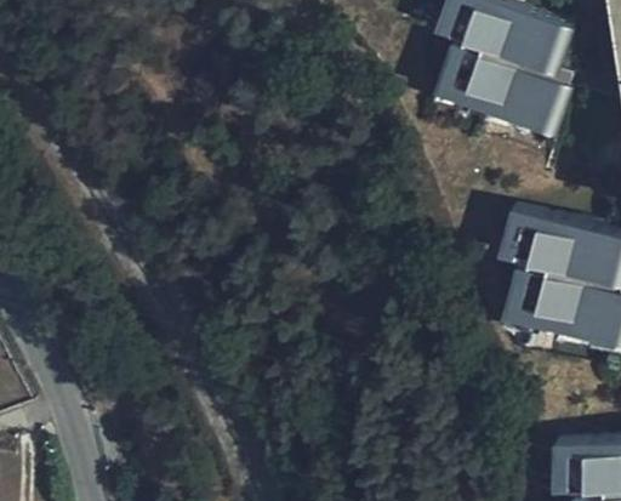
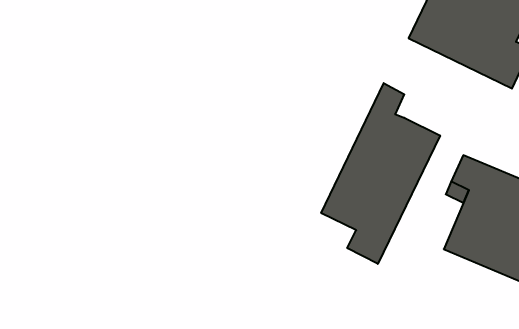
building: none -> [321,83,440,264]

